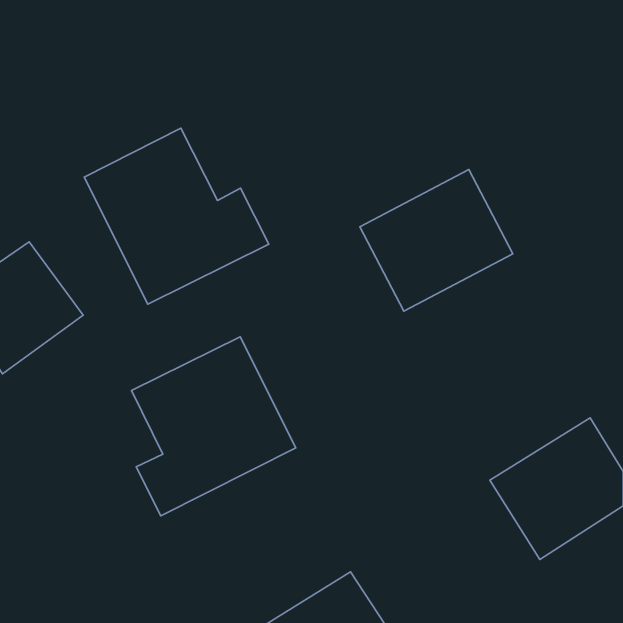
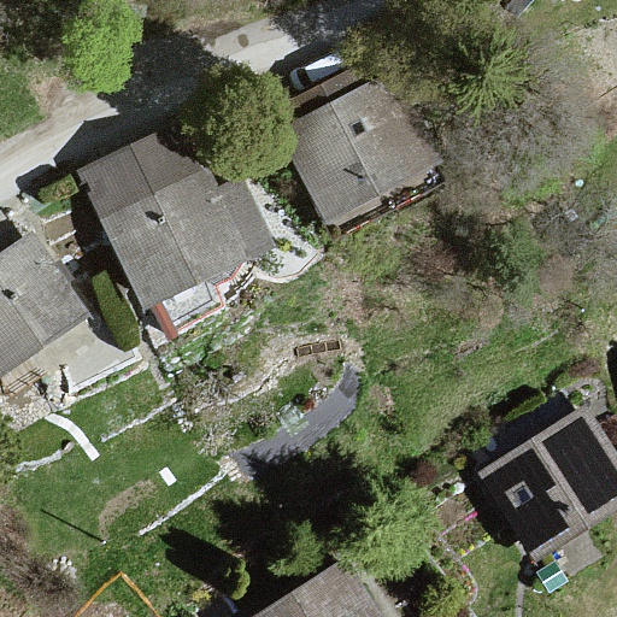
building: [360,170,513,311] -> [283,76,434,216]
building: [132,337,296,516] -> none

